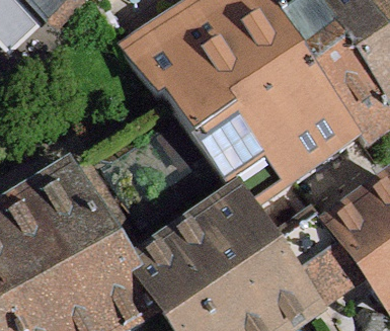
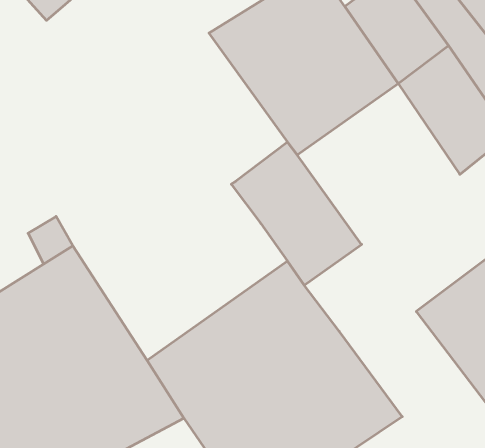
building: [132,29,238,137] -> none
building: [245,66,363,182] -> none
building: [276,218,362,307] -> none

